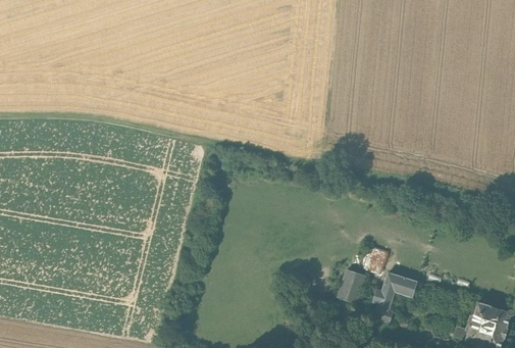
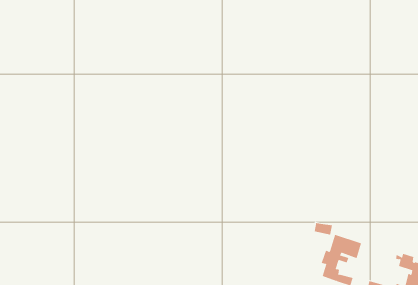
building: [337,268,367,304] -> none

